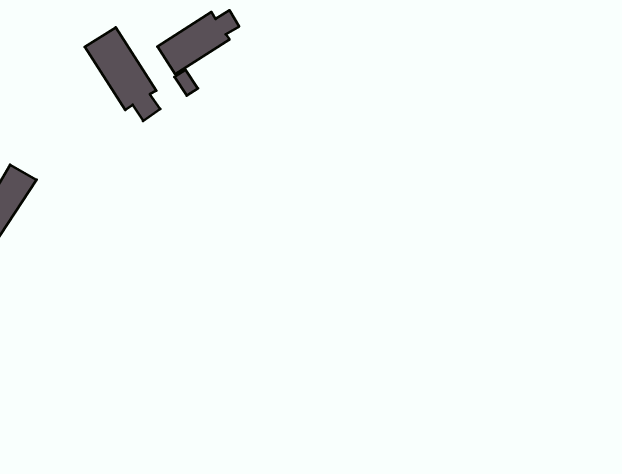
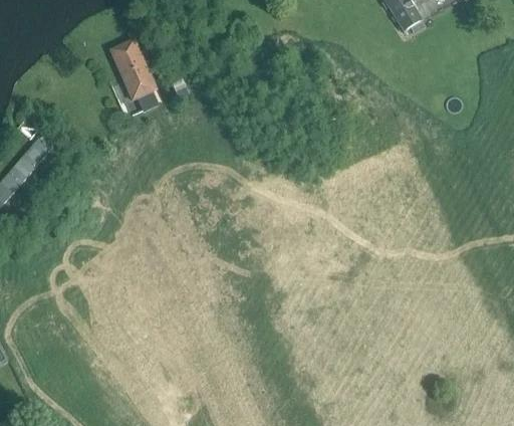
building: [157,10,239,74] -> none

